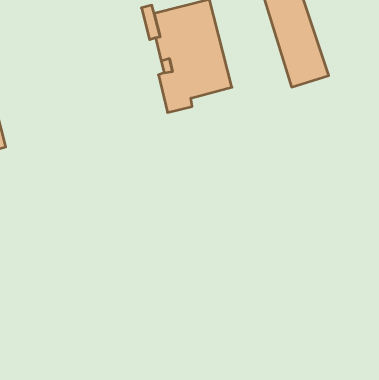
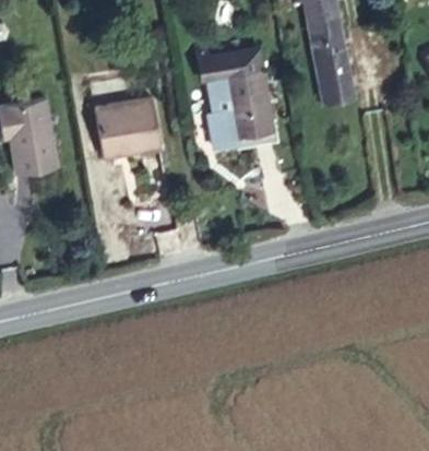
building: none -> [97,88,159,144]

